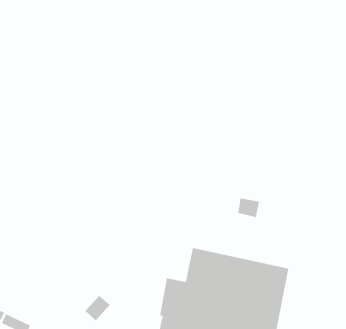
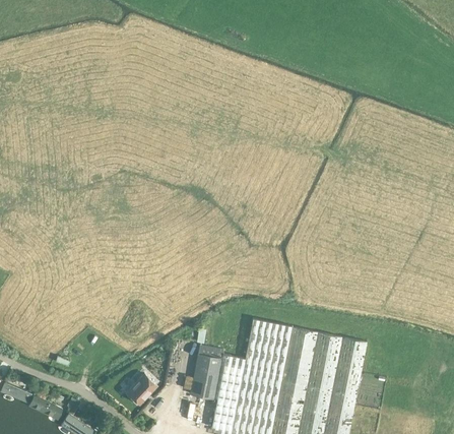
building: [238,198,259,218] -> none
building: none -> [189,346,222,399]

